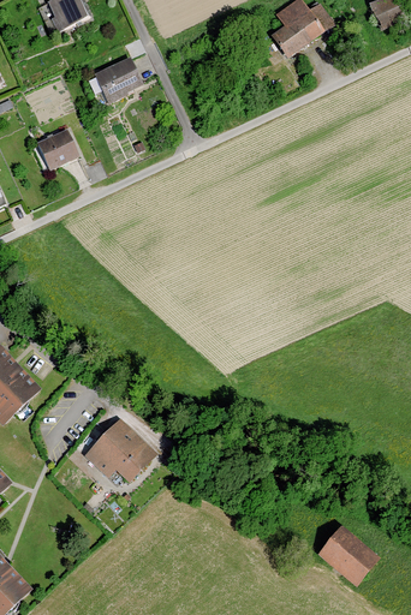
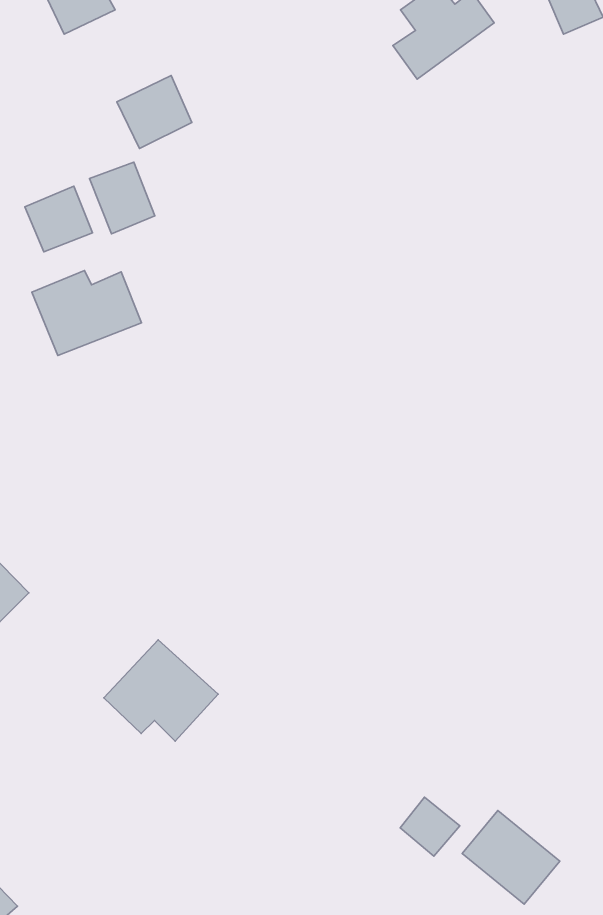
building: none -> [89,162,155,234]
building: none -> [32,270,141,356]
building: none -> [400,797,460,856]

